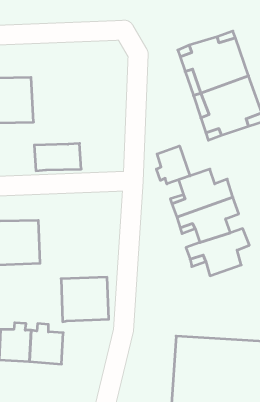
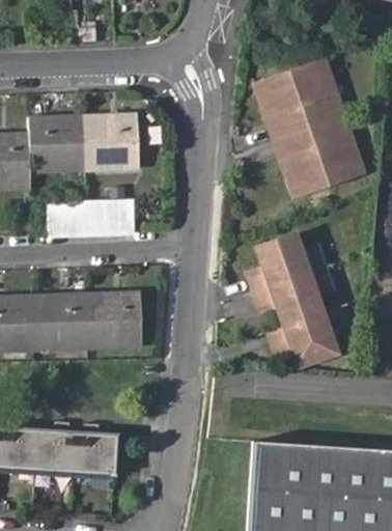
building: none -> [71,114,137,172]
building: none -> [46,201,77,234]
building: [156,146,190,184] -> none
building: [61,277,109,322] -> [80,294,140,350]

